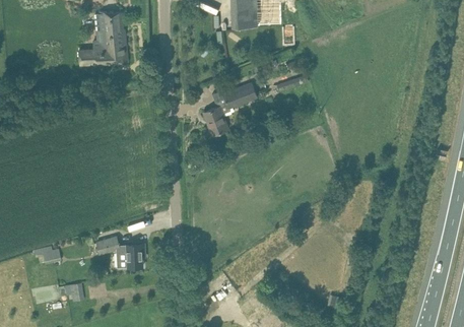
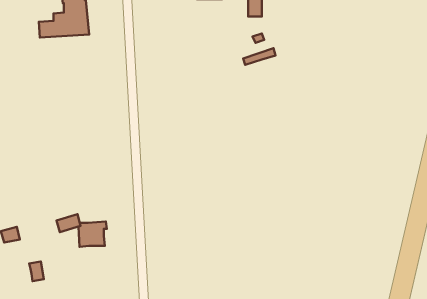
building: [203,82,257,135] -> none

